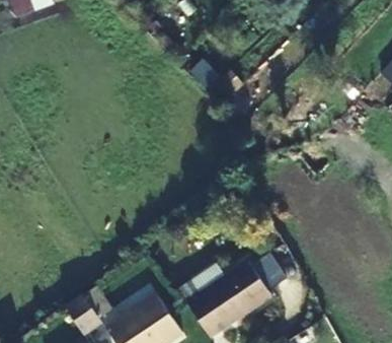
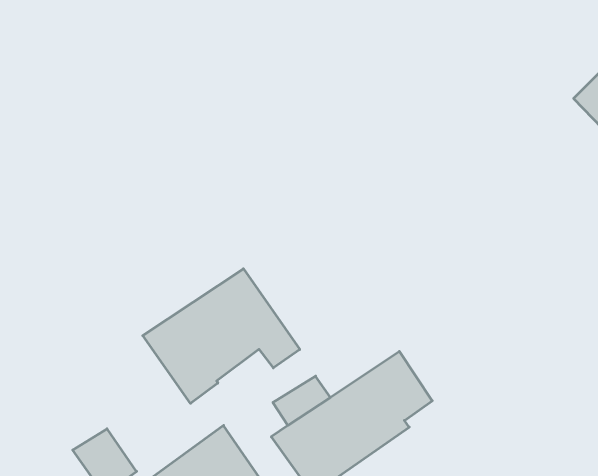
building: none -> [143,269,300,403]

